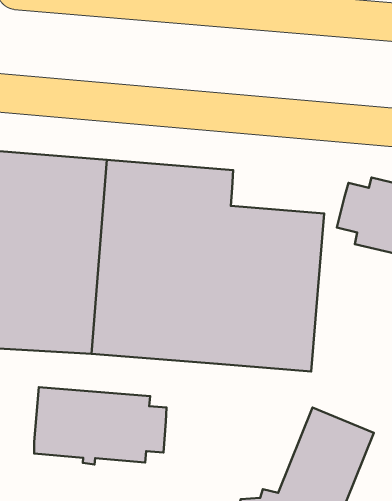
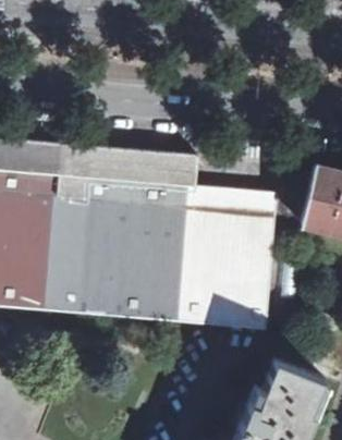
building: [34,387,166,465] -> none

